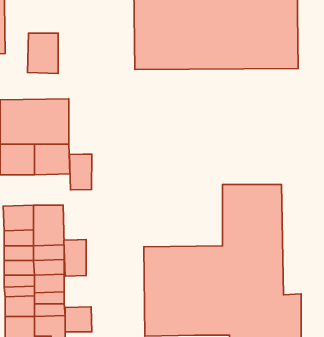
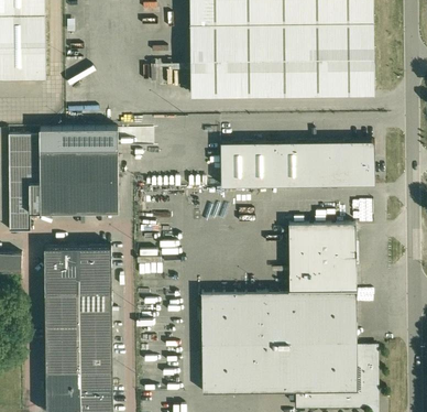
building: [28,33,58,74] -> none
building: none -> [220,141,374,187]
building: [69,154,92,190] -> none
building: [64,240,86,276] -> none
building: [65,307,92,332] -> none

